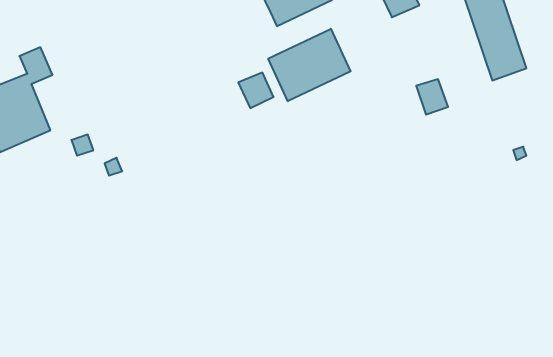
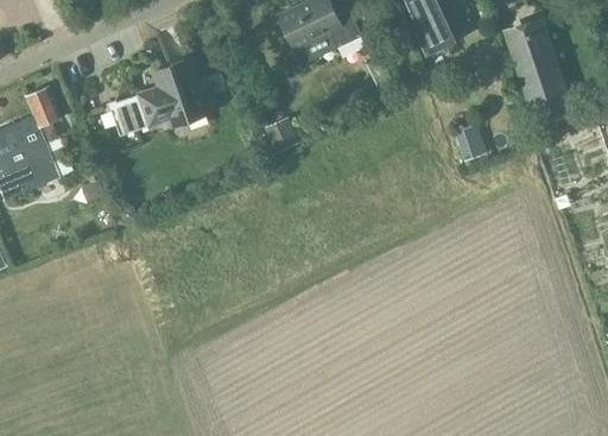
building: none -> [109,59,208,135]
building: [268,29,351,101] -> none

